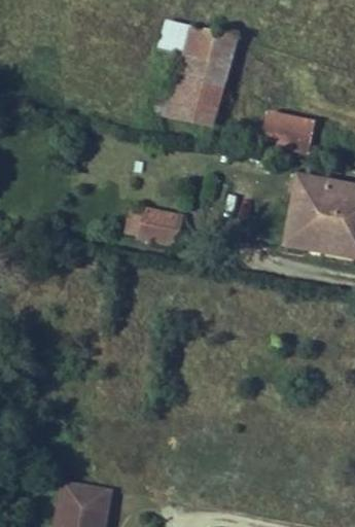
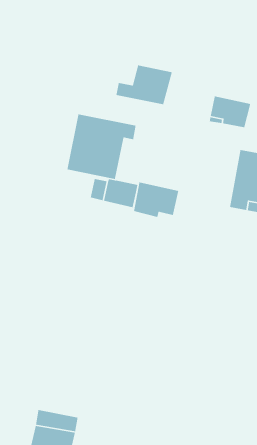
building: [161,21,236,84] -> none
building: none -> [67,114,136,180]
building: none -> [133,182,179,218]

